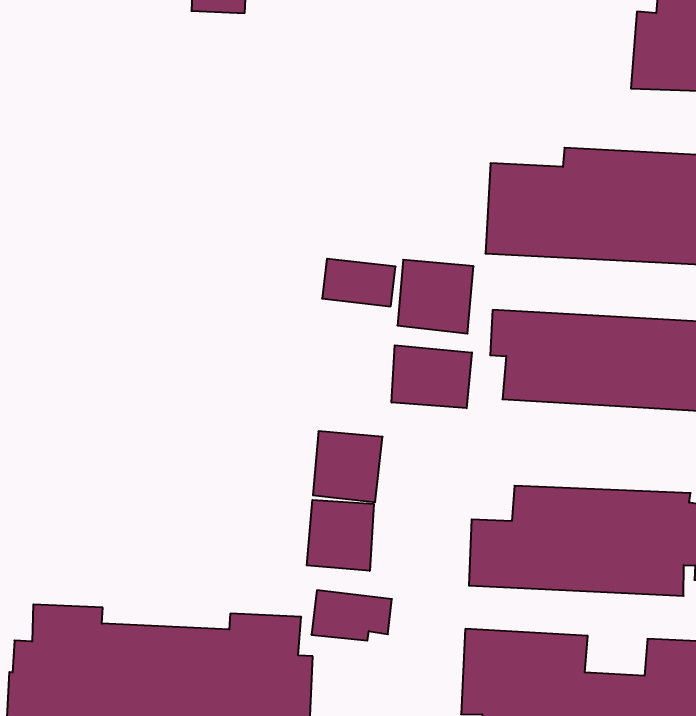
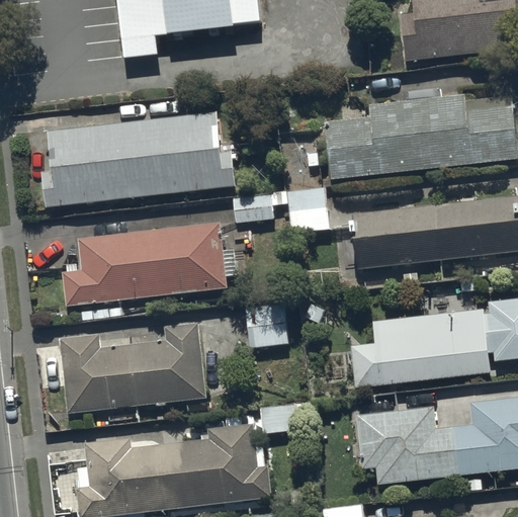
building: none -> [41,112,235,207]
building: none -> [62,225,226,307]
building: [392,345,472,408] -> none
building: none -> [59,323,205,413]
building: [307,500,374,571] -> none

